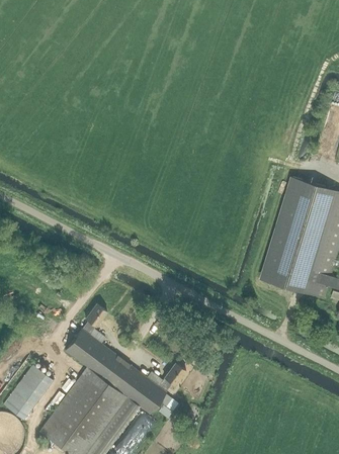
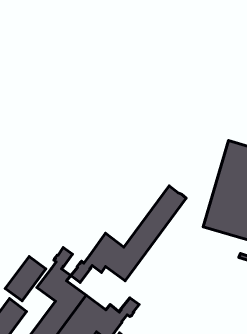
building: none -> [71,186,186,283]
building: none -> [5,256,46,301]

